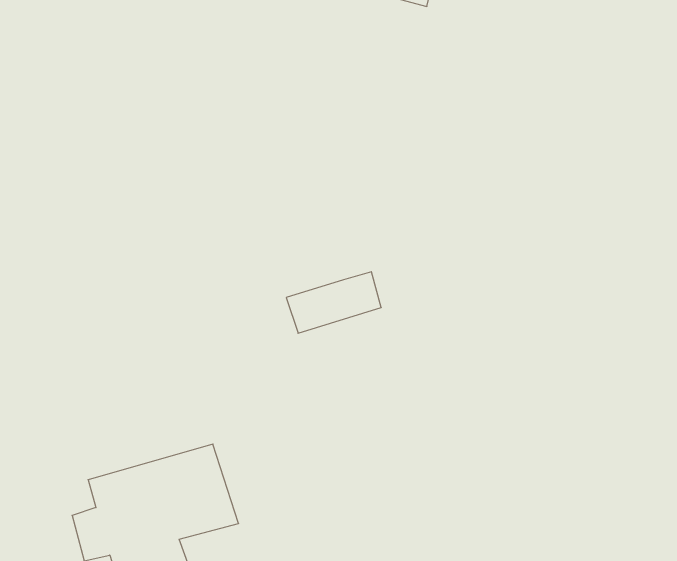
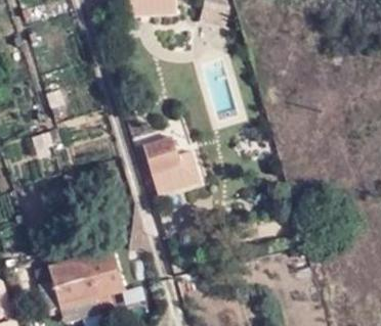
building: none -> [141,138,179,174]

